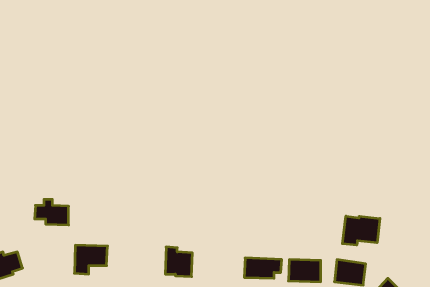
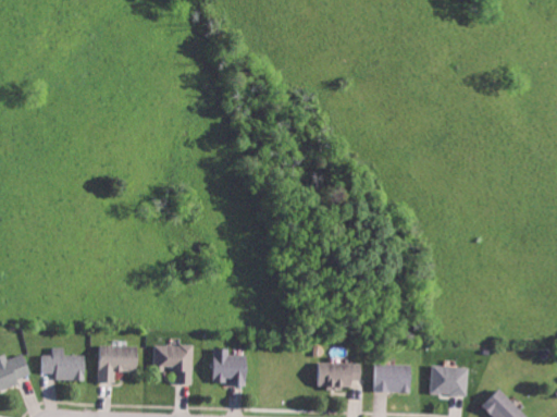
building: [35,199,69,225] -> [40,347,84,380]
building: [342,216,380,245] -> none
building: none -> [151,344,193,383]

